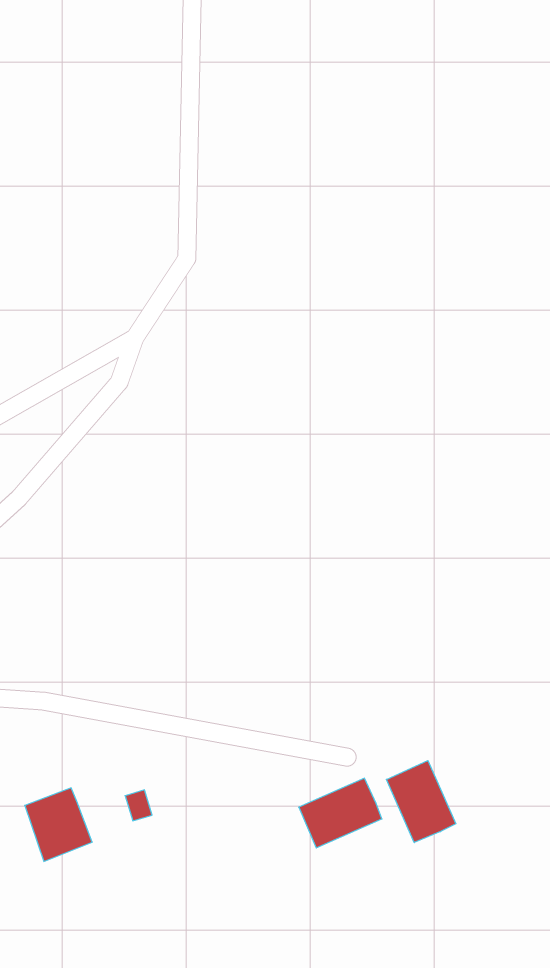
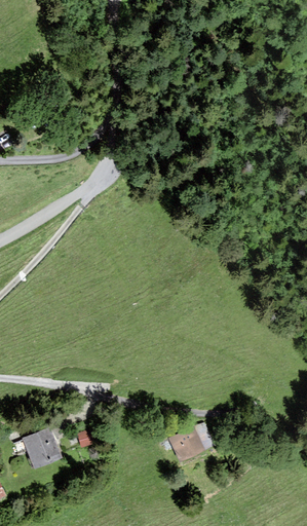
building: [386,761,456,843] -> none

